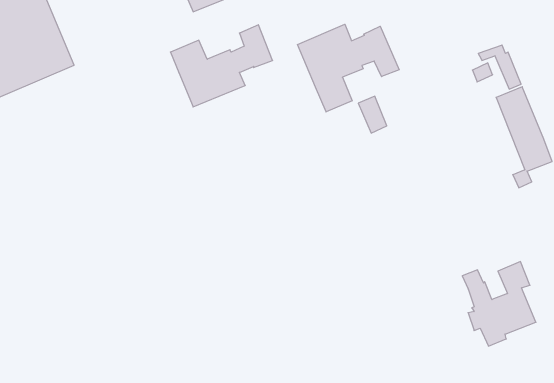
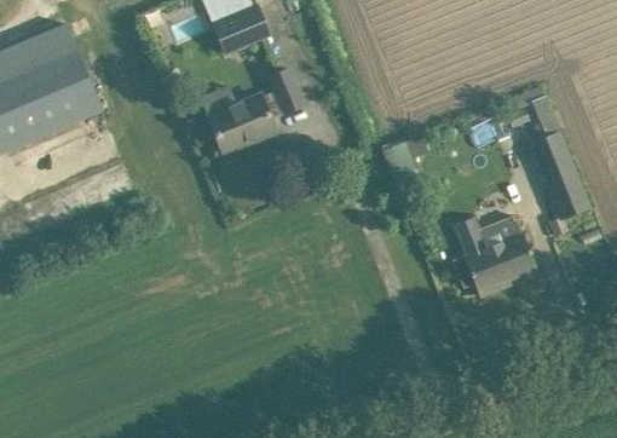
building: [297,24,399,112] -> none
building: [462,262,536,346] -> [456,209,531,295]

